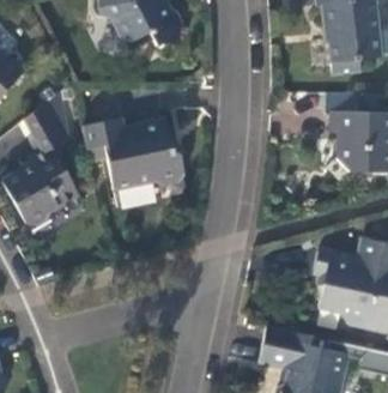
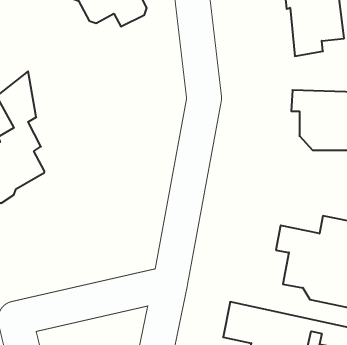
building: [83,117,184,189] -> none

